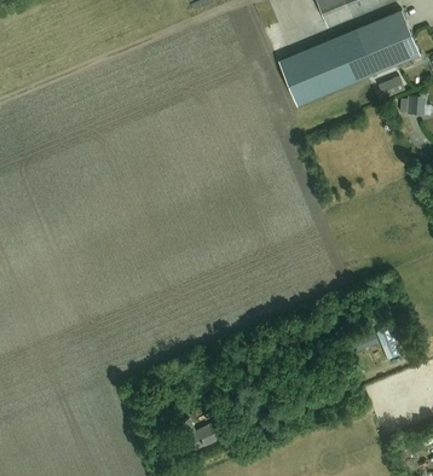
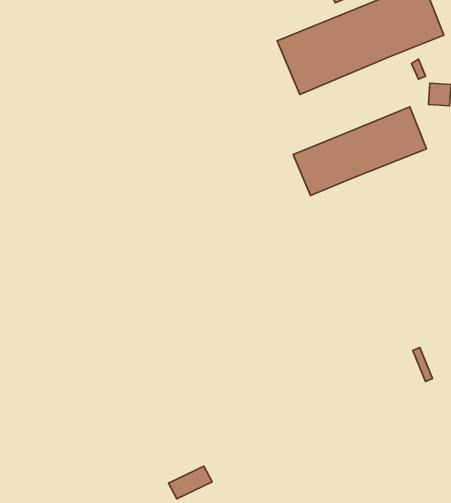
building: none -> [293,107,426,196]

